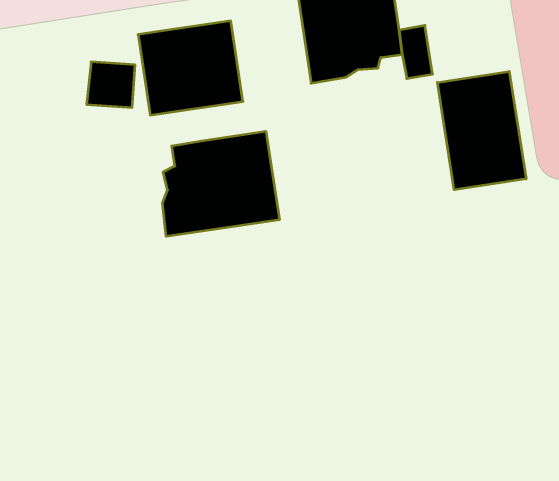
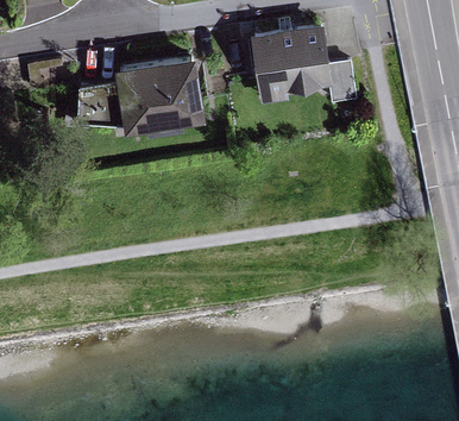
building: [437,71,526,190] -> none
building: [162,131,279,236] -> none

